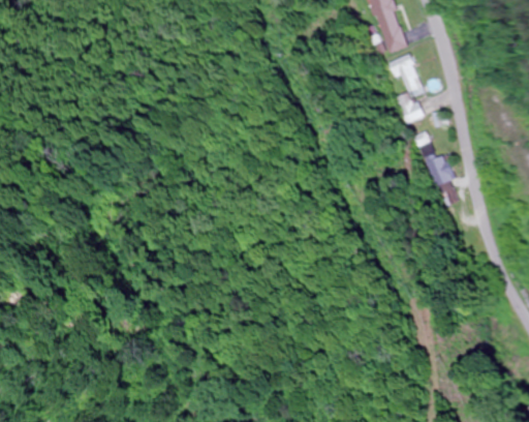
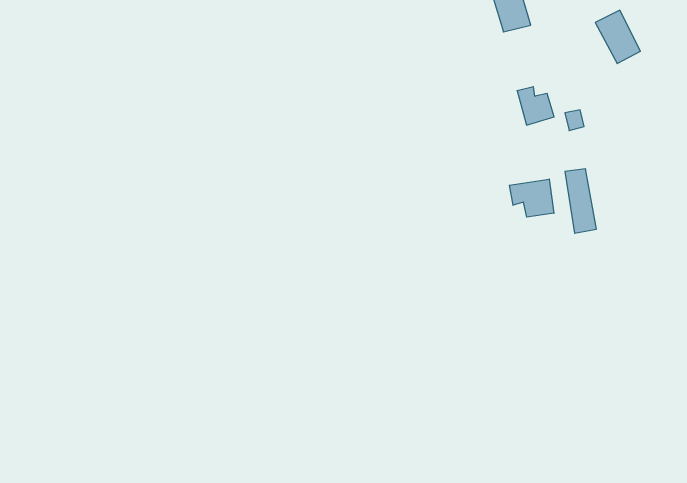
building: [390,53,424,93] -> [595,10,640,64]
building: none -> [509,179,554,217]

